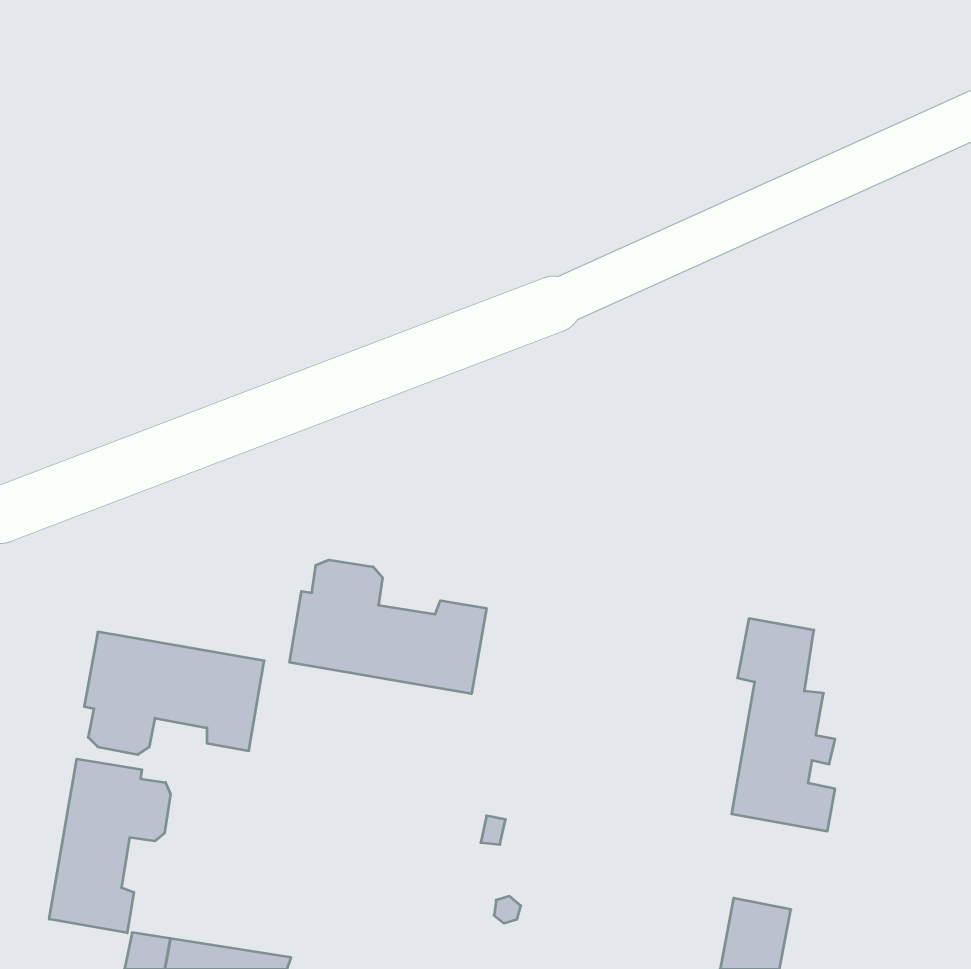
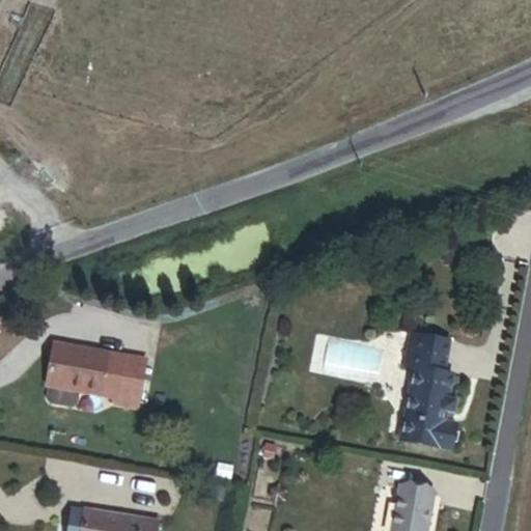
building: [290,560,486,694] -> none
building: [49,759,171,933] -> none

